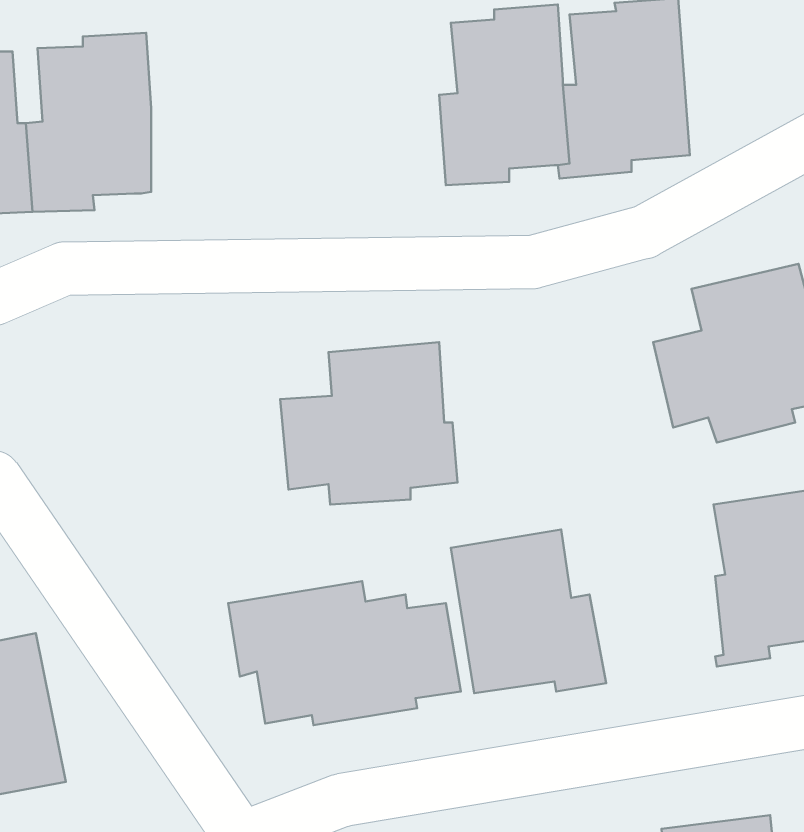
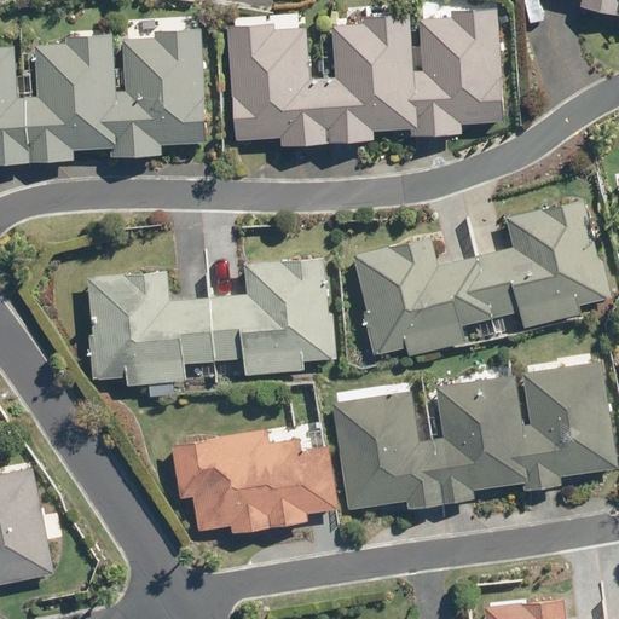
building: none -> [226,23,328,146]
building: none -> [108,28,206,158]
building: none -> [353,236,492,357]
building: none -> [86,270,214,386]
building: none -> [432,374,528,503]

